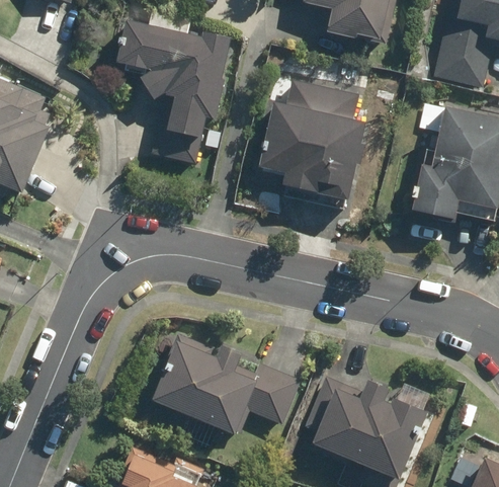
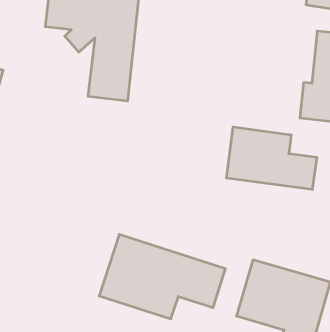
building: [258,78,368,212] -> none
building: none -> [226,127,317,190]

